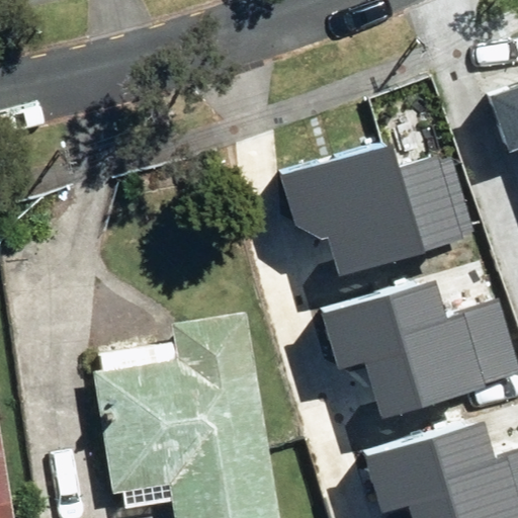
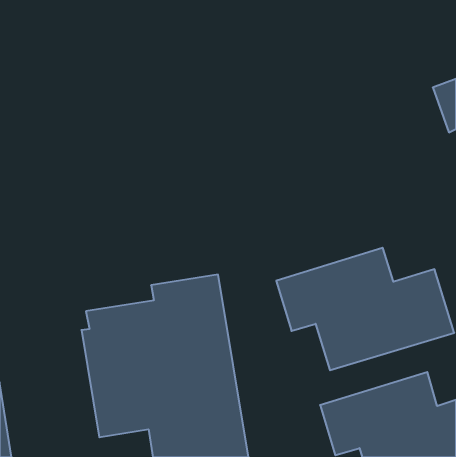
building: [281,142,474,276] -> none

